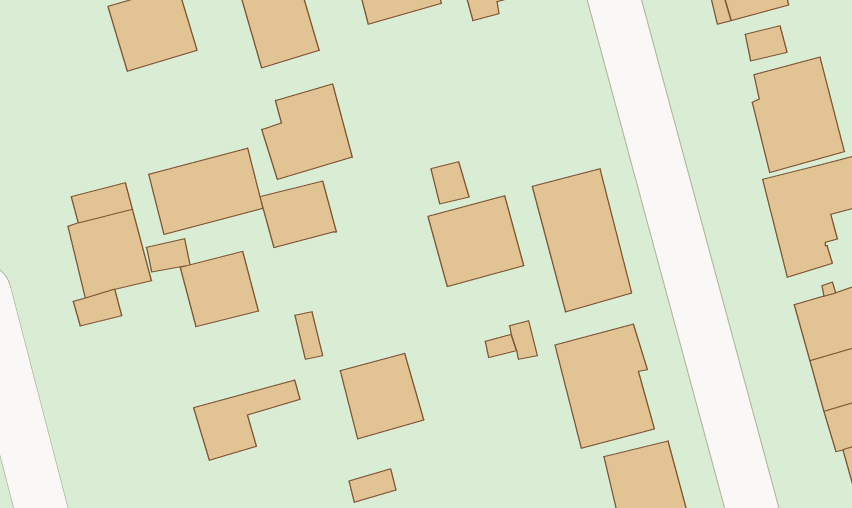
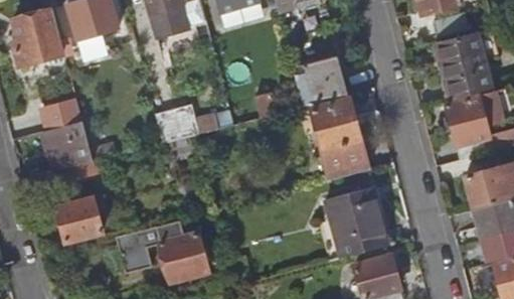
building: none -> [14,10,63,66]
building: [262,84,352,179] -> none
building: [149,148,263,234] -> none
building: [428,196,524,286] -> [293,54,348,107]
building: [180,252,259,327] -> [56,197,102,241]
building: [340,353,424,439] -> [160,232,208,281]

